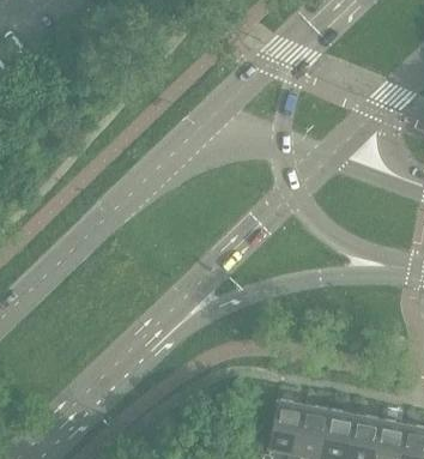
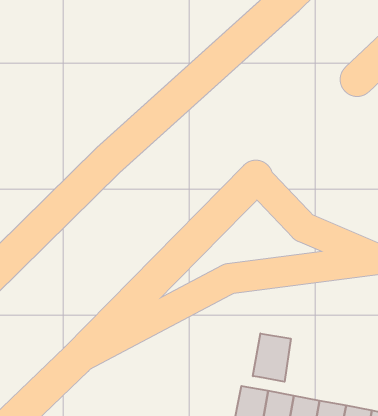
building: none -> [253,333,291,382]

